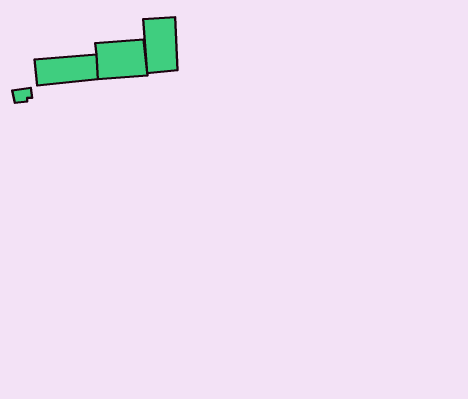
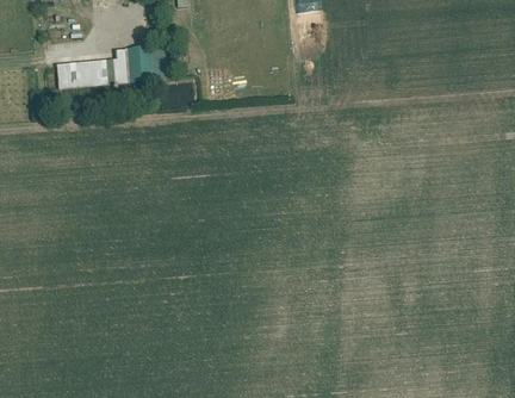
building: [143,17,177,73] -> none

